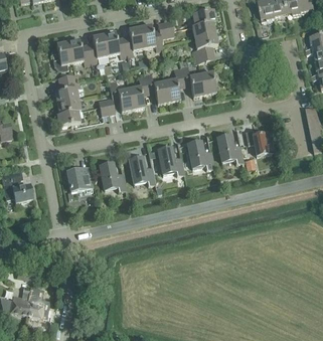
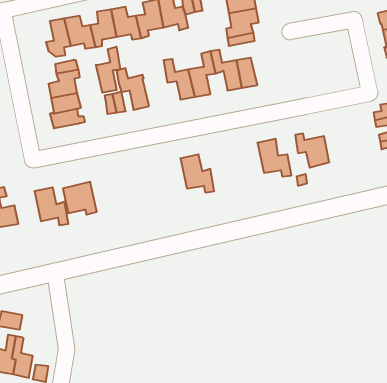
building: [128,73,147,109] -> [96,47,121,93]
building: [187,140,213,169] -> none
building: [129,156,155,185] -> none
building: [99,162,125,191] -> [34,187,68,225]

